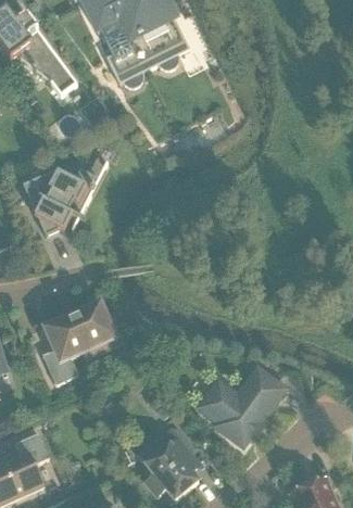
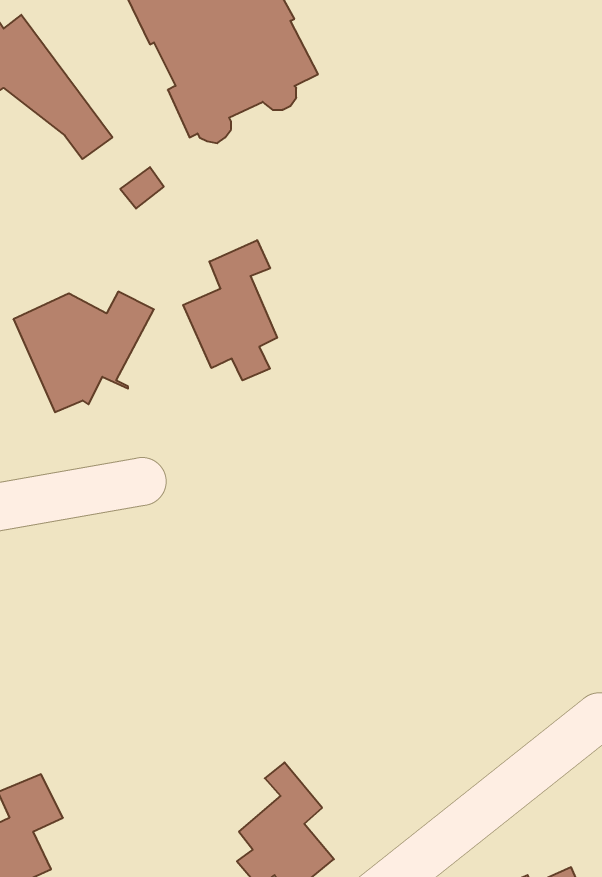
building: none -> [183,240,277,380]
building: [41,303,118,382] -> none
building: [199,368,285,444] -> none

